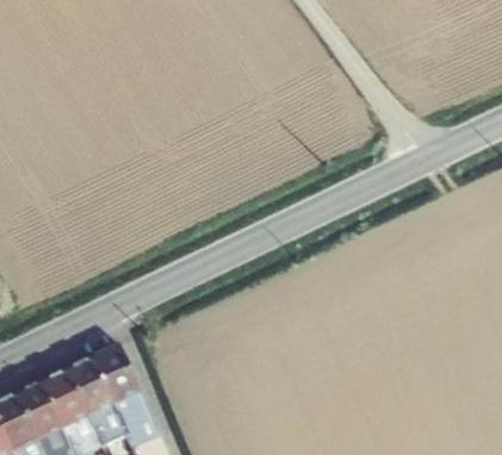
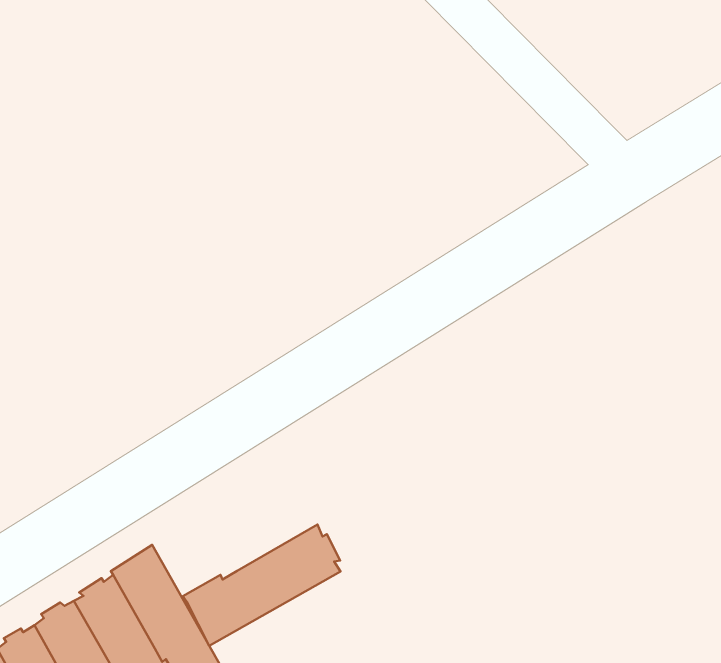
building: none -> [183,525,340,646]

